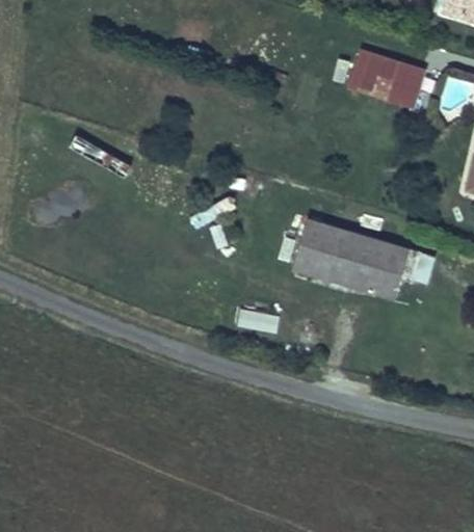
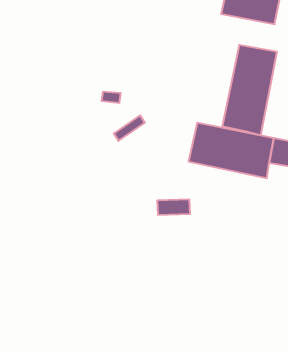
building: none -> [223,45,277,135]

